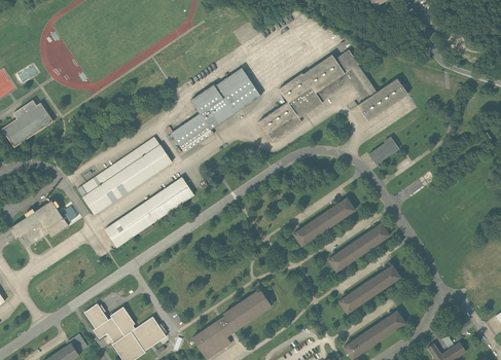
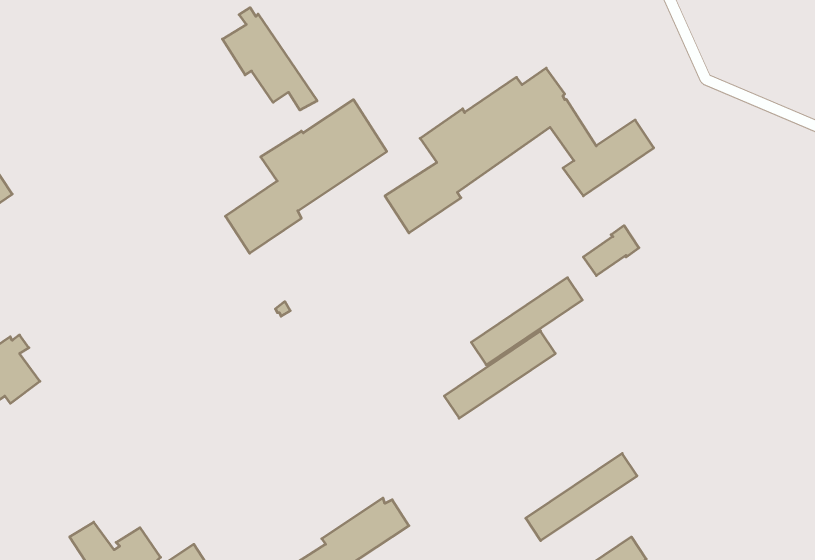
building: none -> [222,8,317,110]
building: [78,137,171,214] -> none
building: [104,177,193,247] -> none
building: [327,222,389,271] -> [471,278,582,365]

